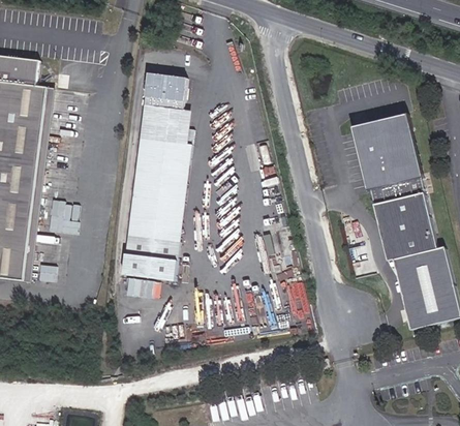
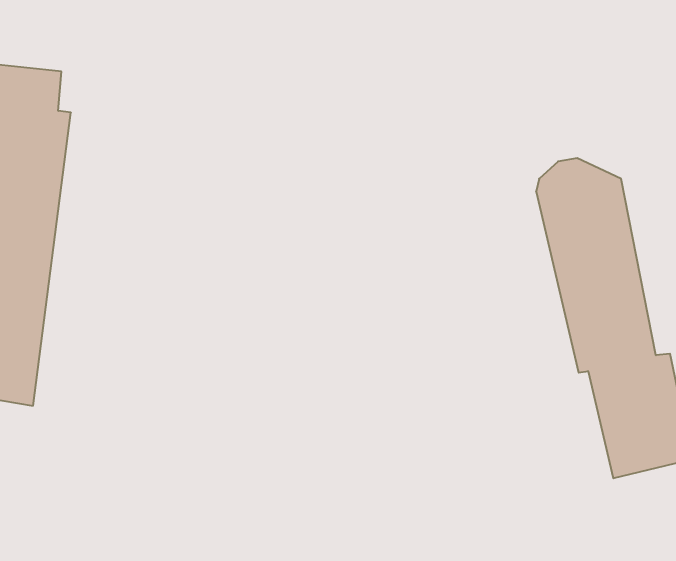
building: [124,72,194,283] -> none

